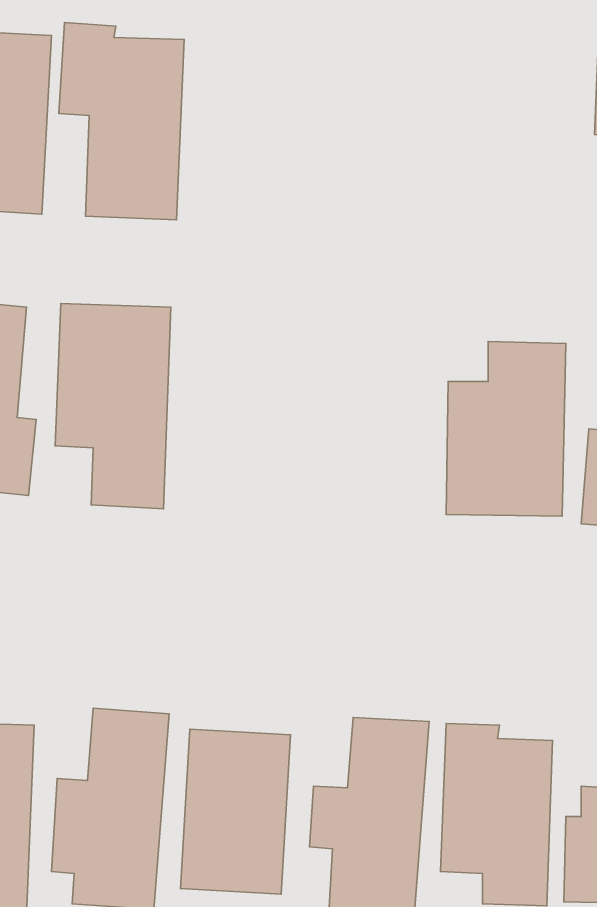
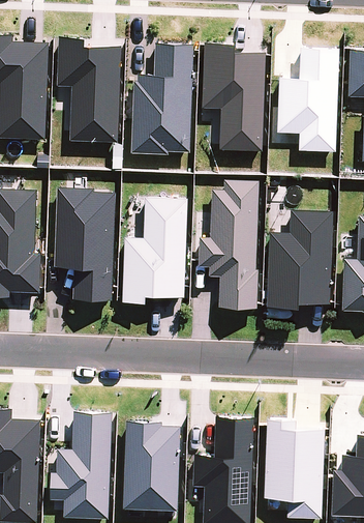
building: none -> [131,43,193,154]
building: none -> [276,47,340,152]
building: none -> [202,50,266,151]
building: none -> [198,181,260,308]
building: none -> [122,198,188,302]

